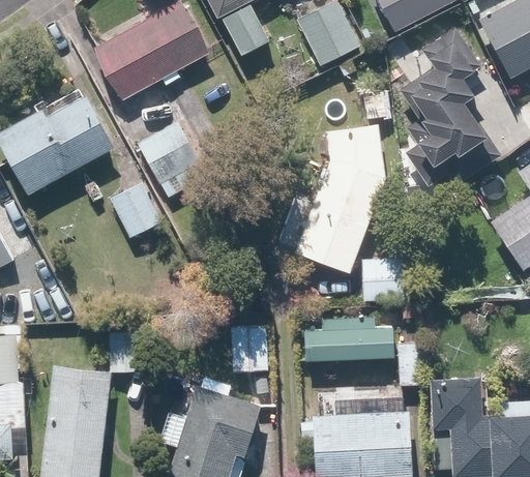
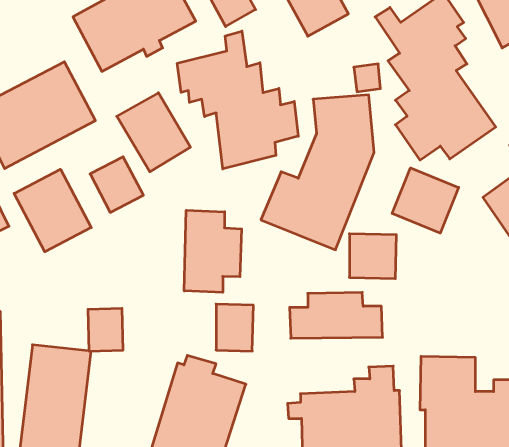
building: none -> [177,31,298,169]
building: none -> [392,168,459,233]
building: none -> [14,169,91,252]
building: none -> [184,210,242,292]

